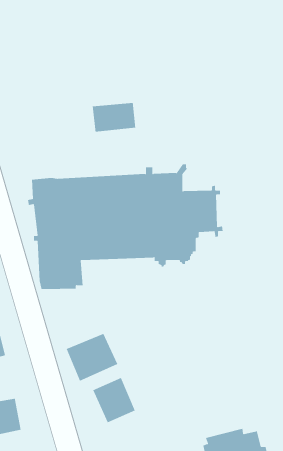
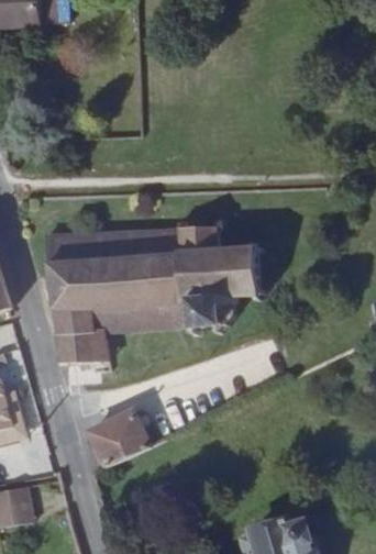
building: [92,102,136,133] -> none
building: [92,377,135,423] -> none

